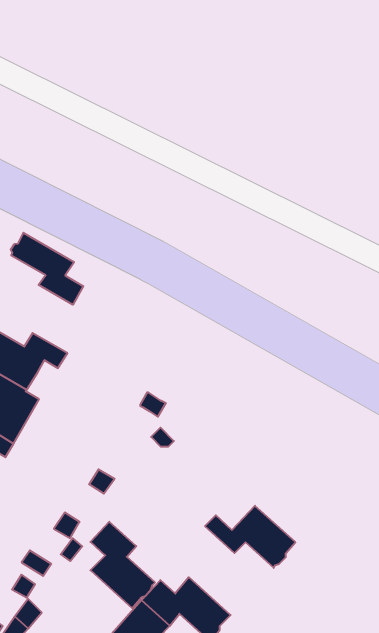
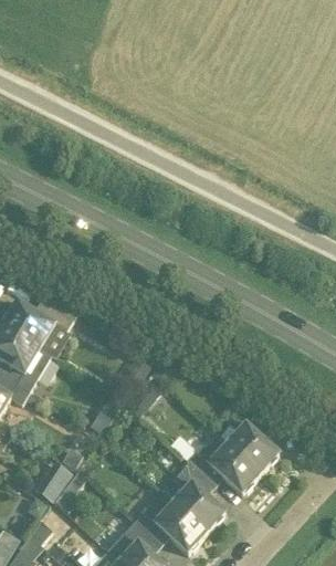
building: [11,233,83,305] -> none
building: none -> [224,403,276,474]
building: [90,522,155,608] -> [170,463,223,534]

